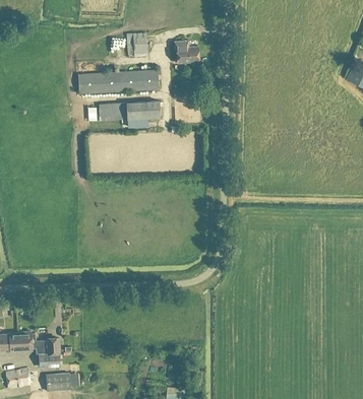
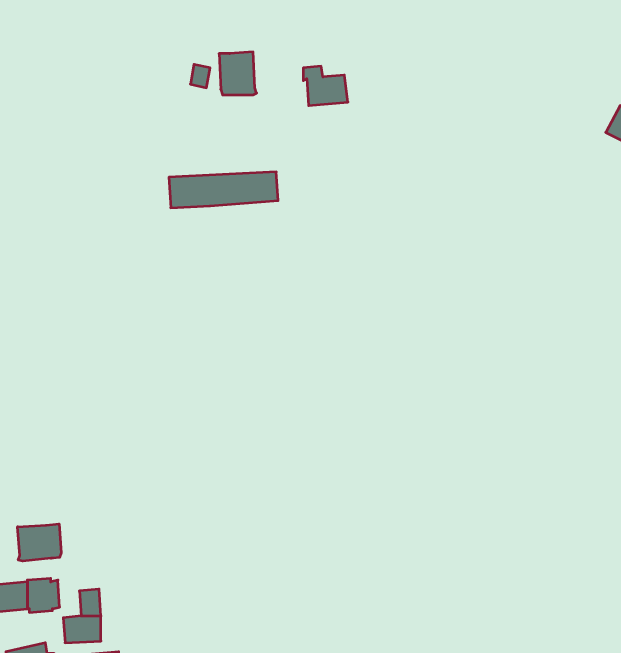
building: [77,70,158,93] -> none
building: none -> [18,524,61,561]

